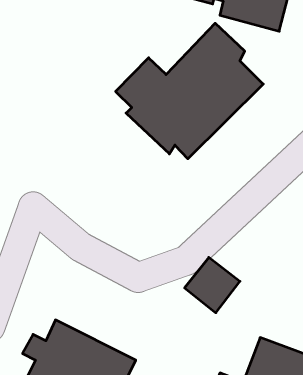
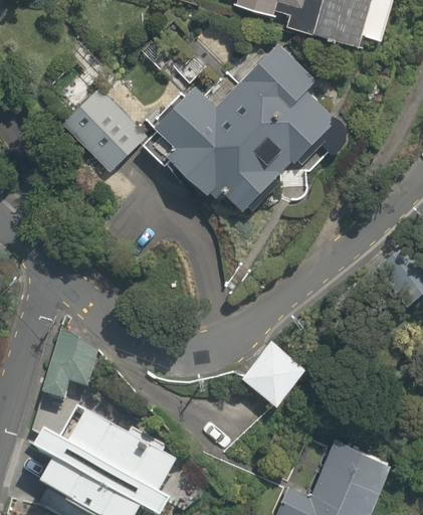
building: none -> [60,90,143,172]

